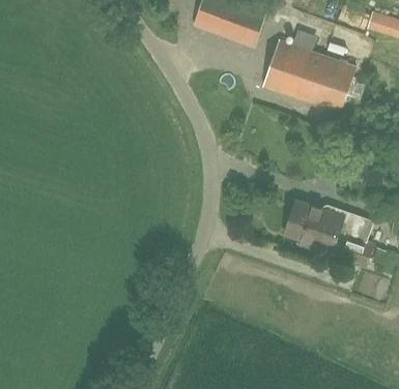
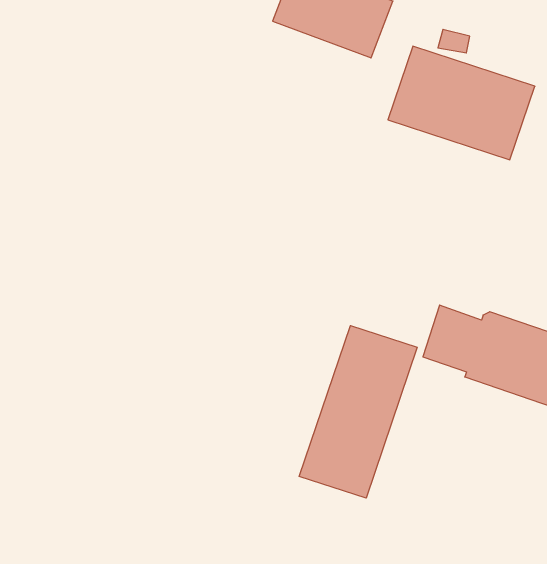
building: none -> [299,326,417,498]

